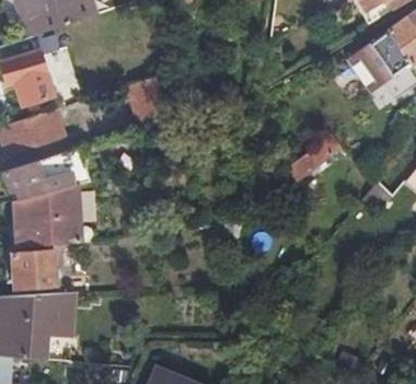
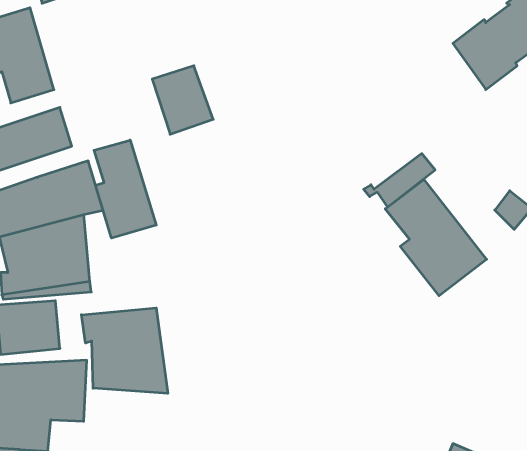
building: none -> [94,140,156,238]
building: none -> [385,180,487,296]
building: none -> [81,308,168,393]

